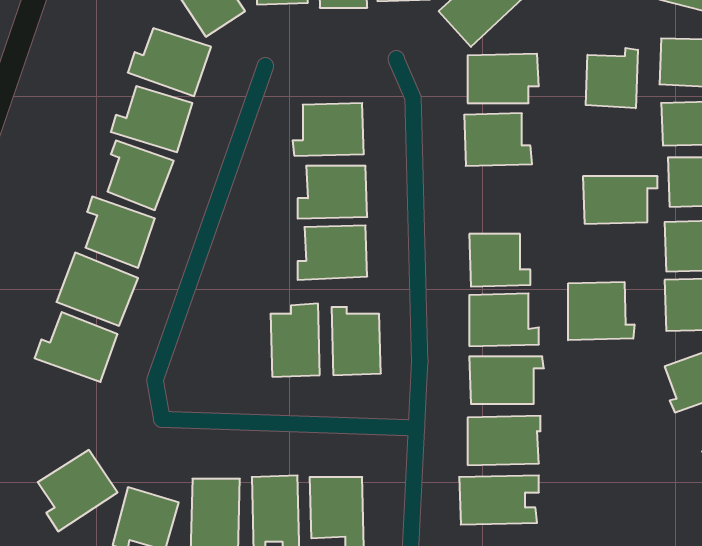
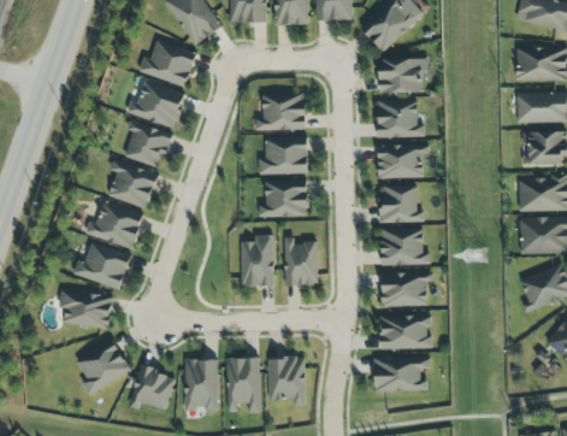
building: [586,48,638,108] -> none
building: [583,176,658,224] -> [377,145,430,178]
building: [568,282,634,340] -> none
building: none -> [58,289,113,330]

